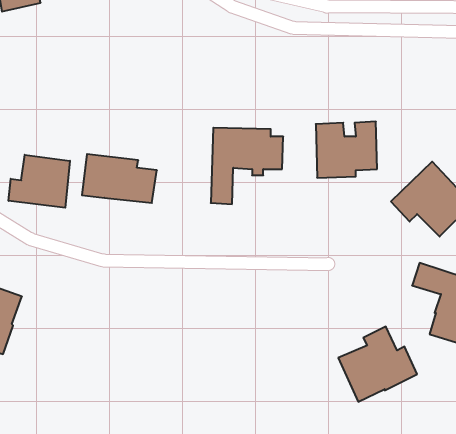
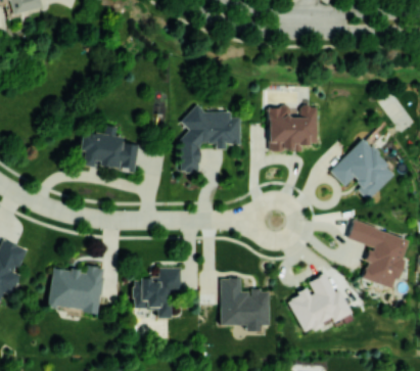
building: [9,155,70,208] -> none
building: none -> [47,264,104,312]
building: none -> [133,267,181,318]
building: none -> [219,278,270,330]

